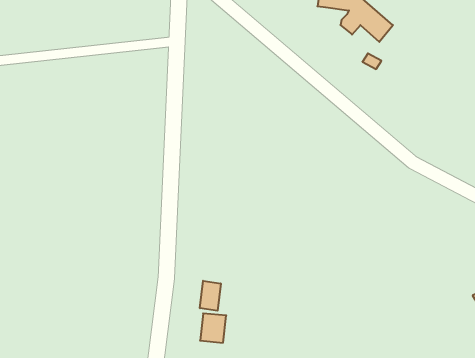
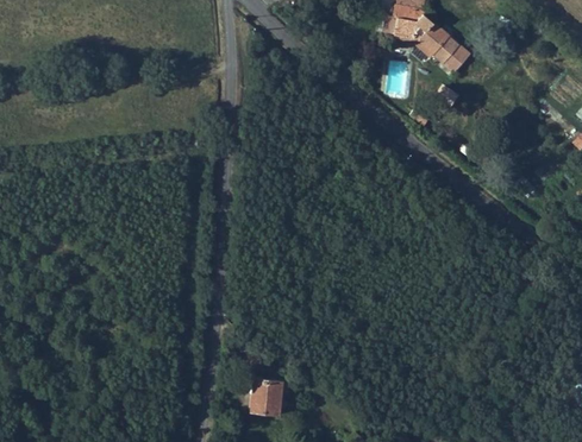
building: [200,281,221,311] -> none

